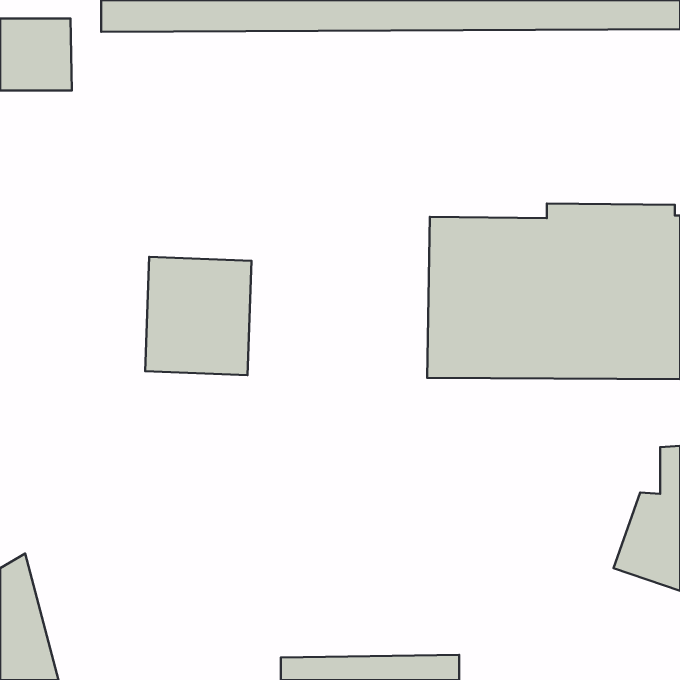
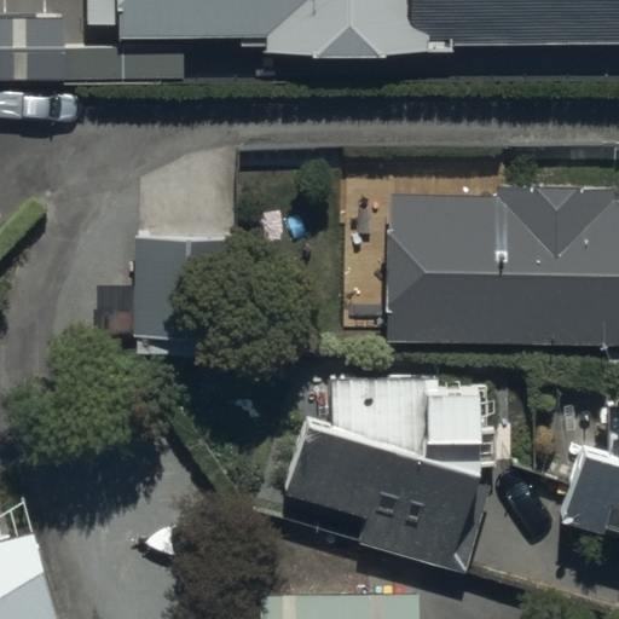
building: none -> [280,361,493,574]

